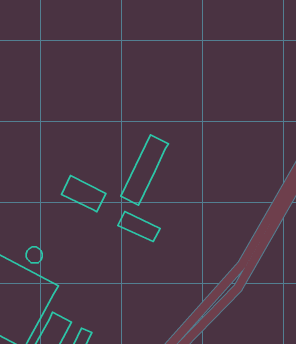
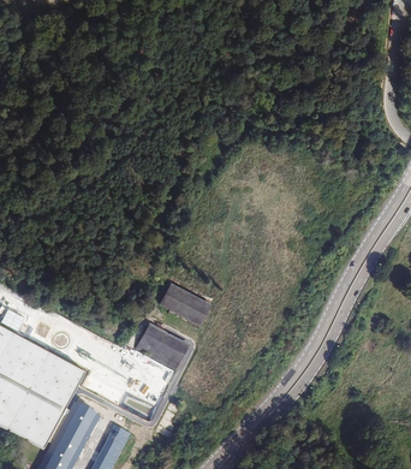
building: [121,135,168,205] -> none
building: [61,176,106,212] -> [135,323,187,367]

